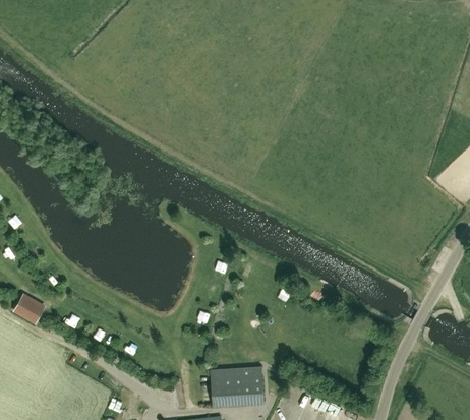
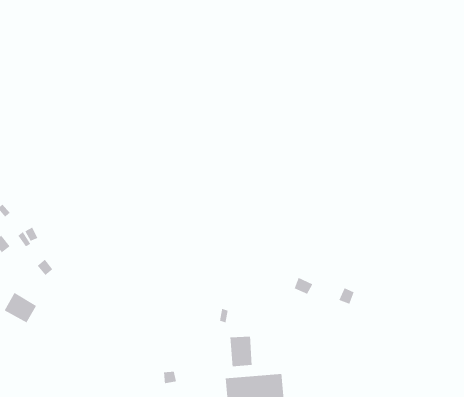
building: none -> [230,336,252,367]

